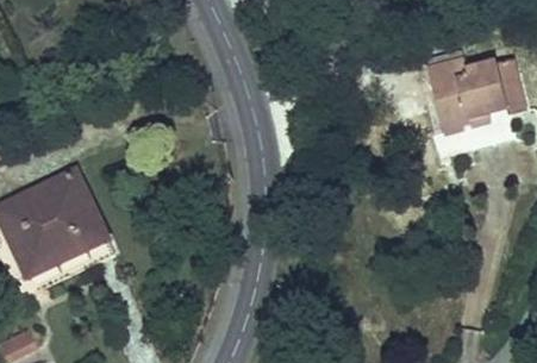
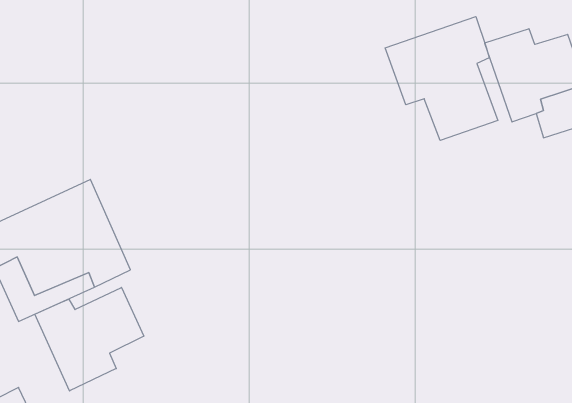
building: none -> [385,17,498,140]
building: none -> [35,287,144,391]

